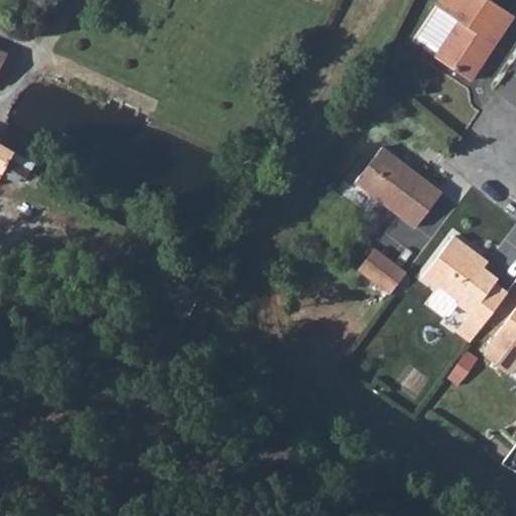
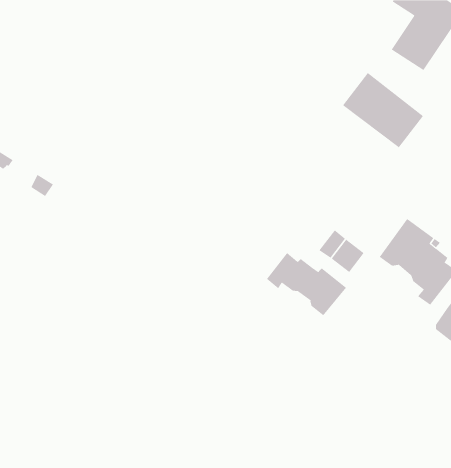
building: [355,145,442,227] -> [342,72,424,148]
building: none -> [266,252,347,316]

